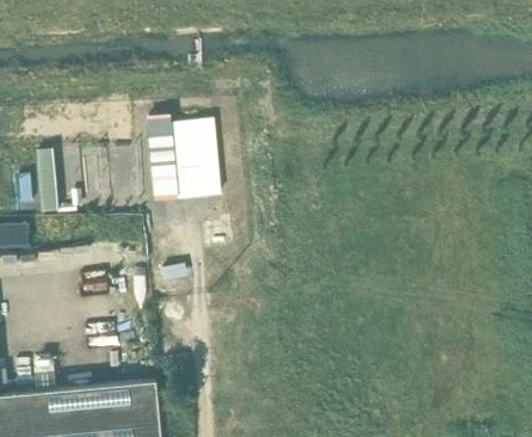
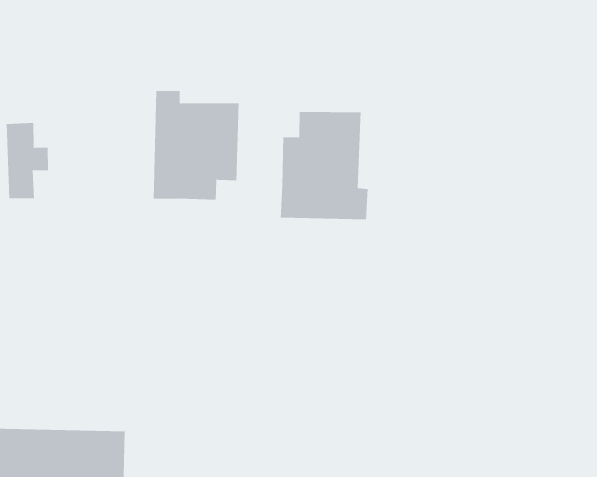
building: none -> [280,111,368,220]

